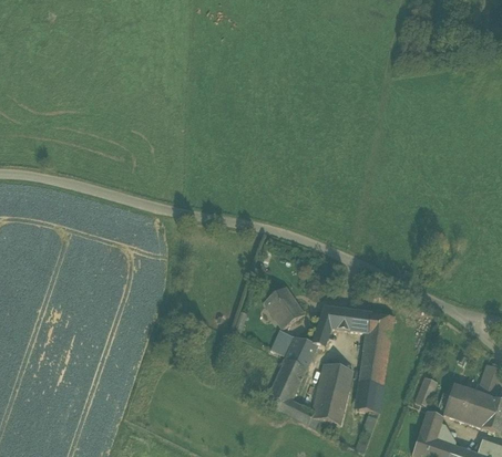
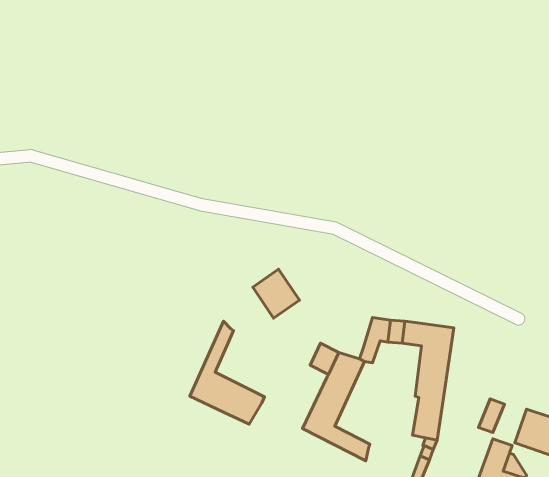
building: [264,285,304,328] -> [253,269,299,318]
building: none -> [190,321,265,424]
building: [313,362,352,424] -> none

